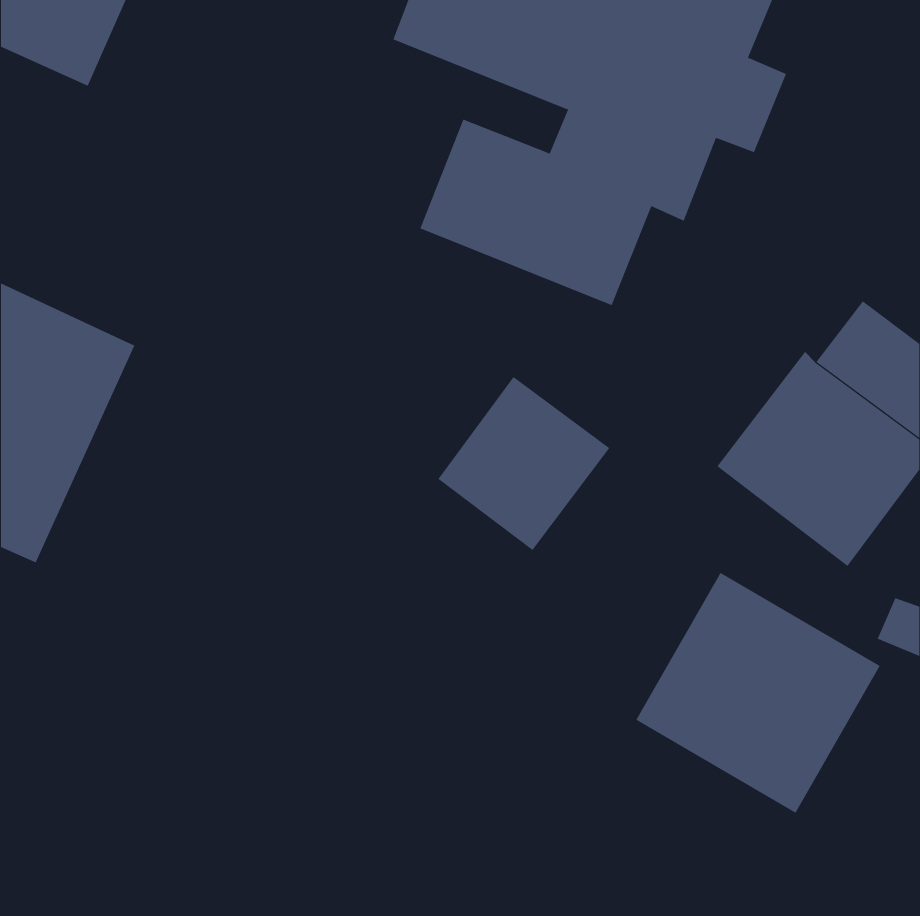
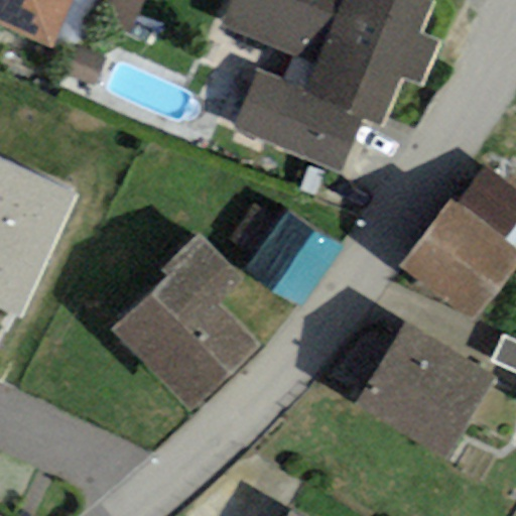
building: none -> [110,234,259,410]

